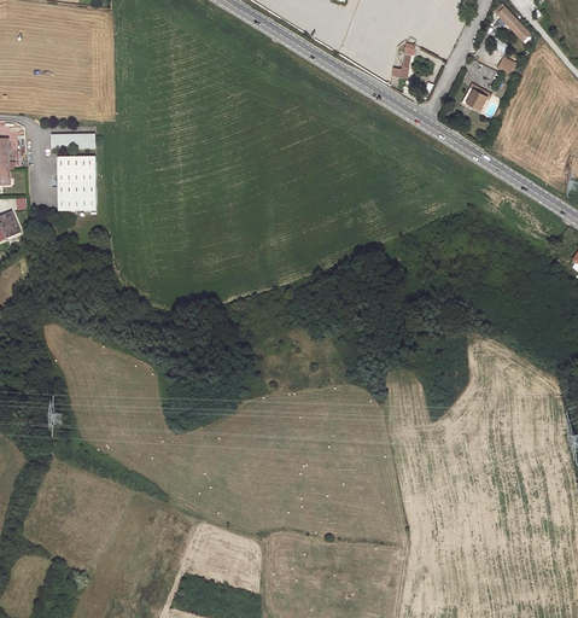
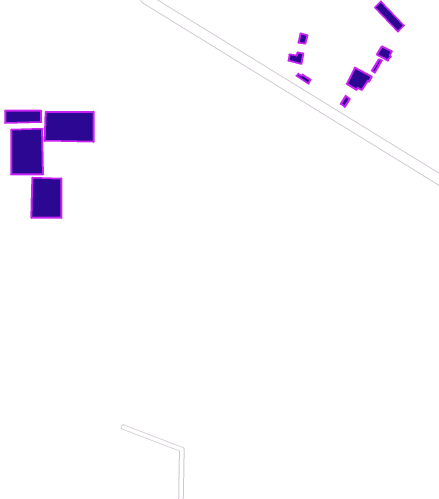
building: none -> [45,112,93,142]
building: none -> [32,178,61,218]

